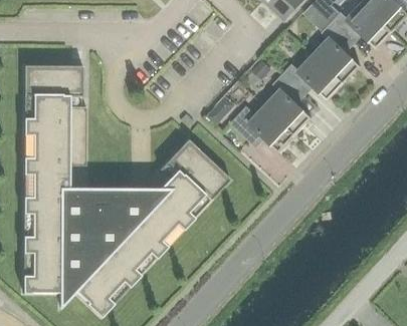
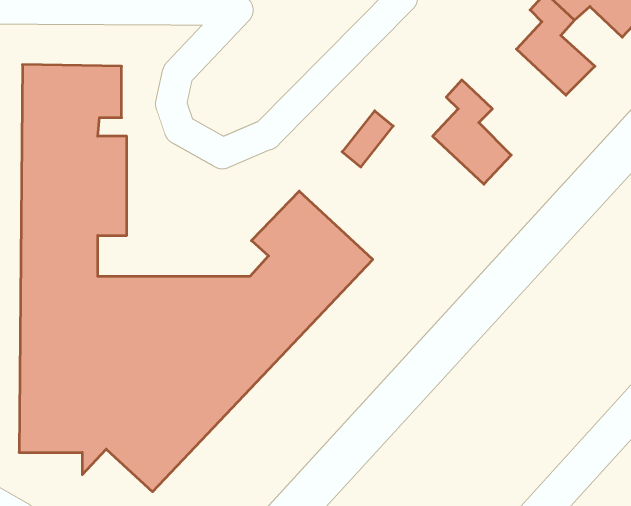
building: [282,55,344,100] -> none
building: [231,106,295,151] -> none

